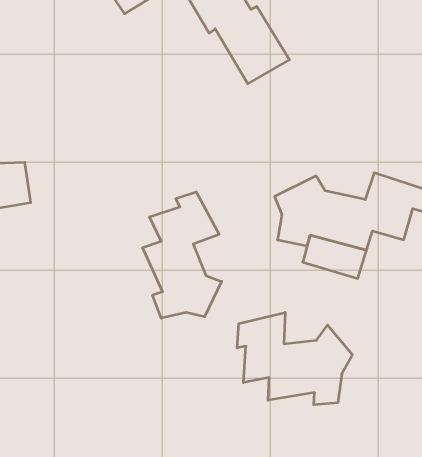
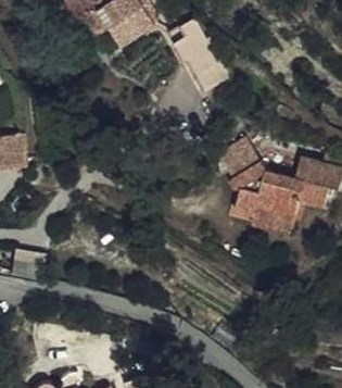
building: [143,192,222,318] -> none
building: [237,312,352,405] -> none

